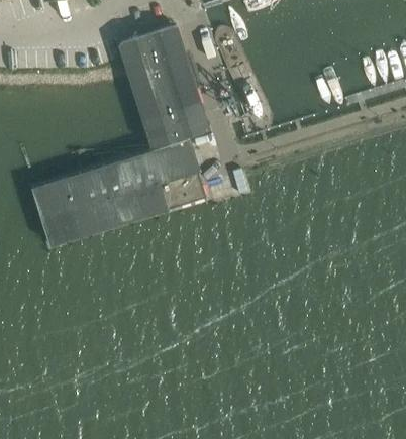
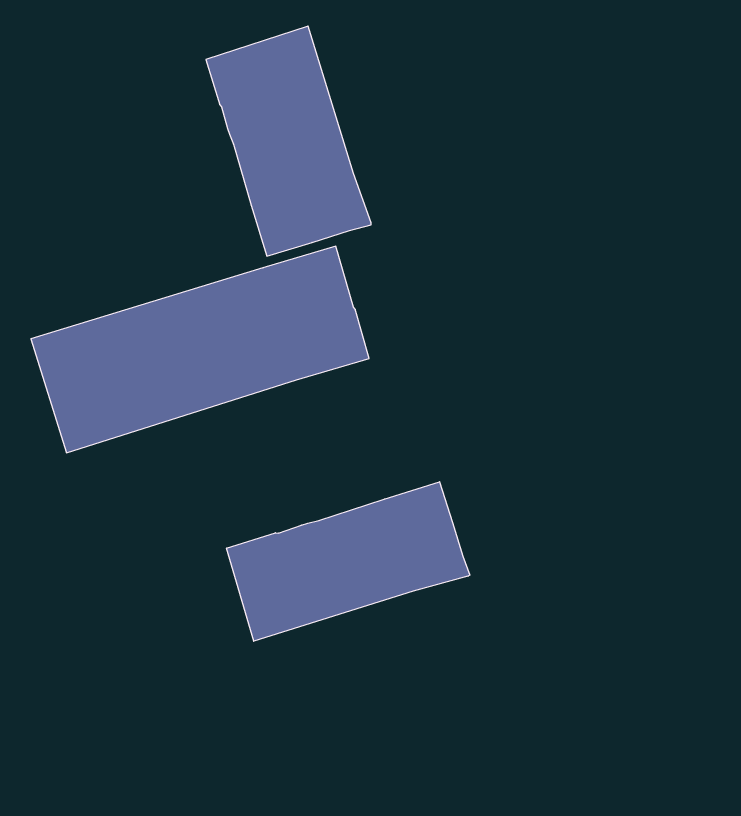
building: none -> [227,482,470,641]

